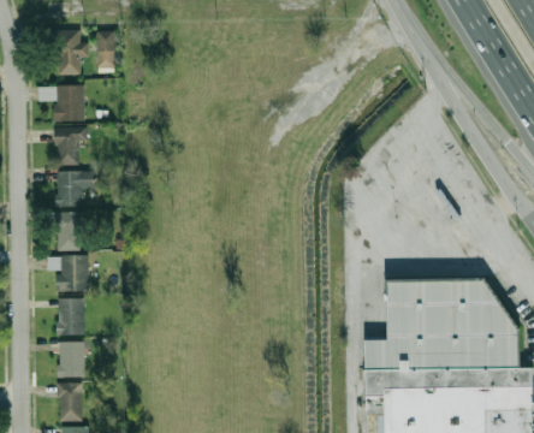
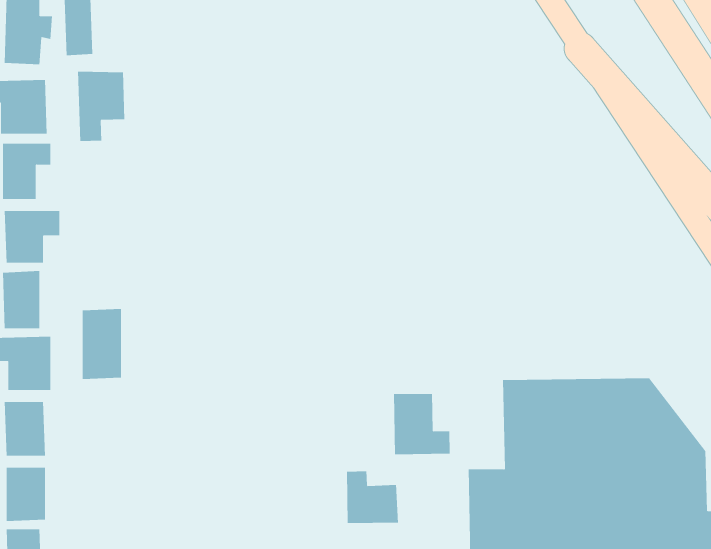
building: none -> [77,71,125,142]
building: none -> [82,308,121,380]
building: none -> [393,393,450,455]
building: none -> [346,470,399,524]

